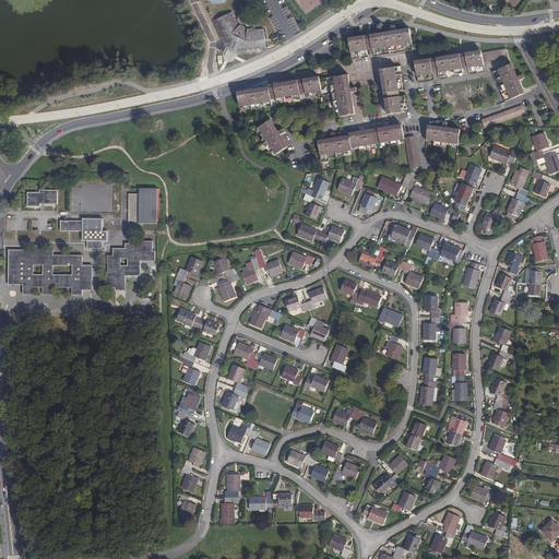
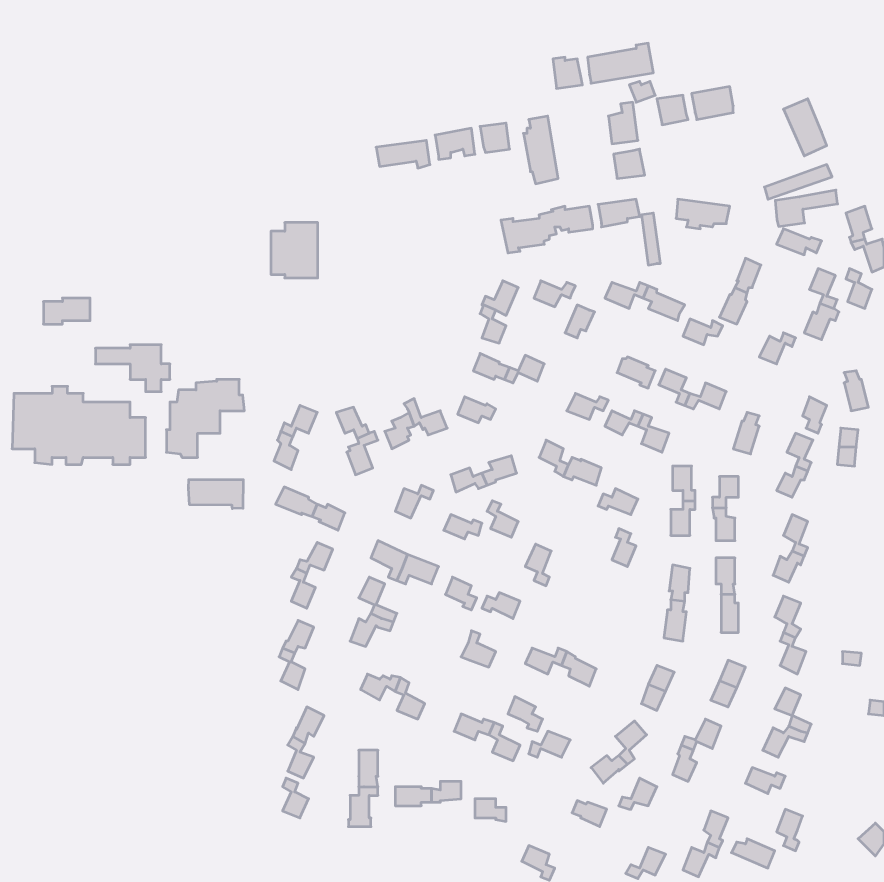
building: [213,10,265,49] -> none
building: [465,47,504,70] -> [775,190,838,226]
building: [258,119,285,153] -> none
building: [128,187,157,222] -> [271,223,318,278]
building: none -> [189,480,243,509]

